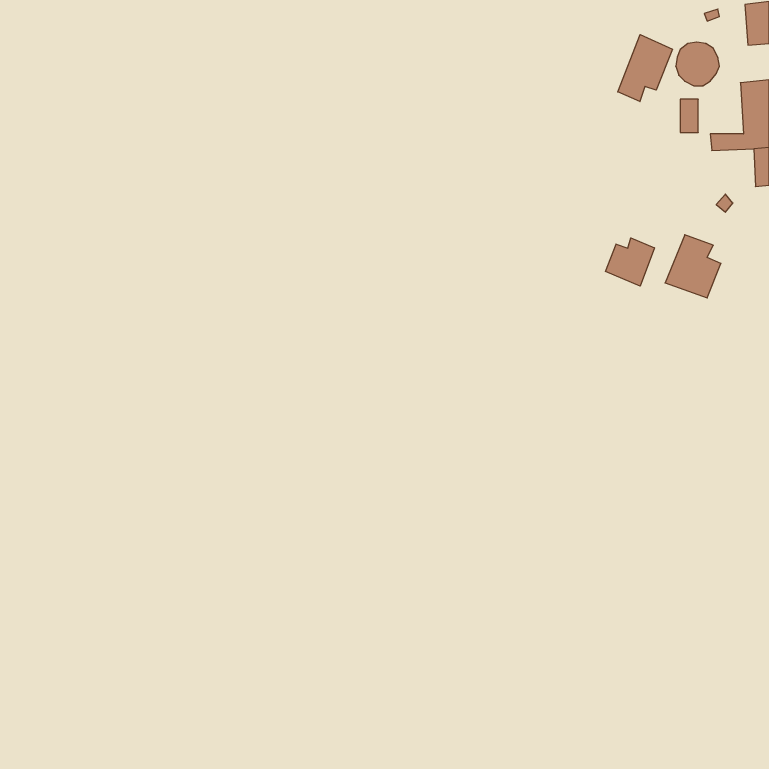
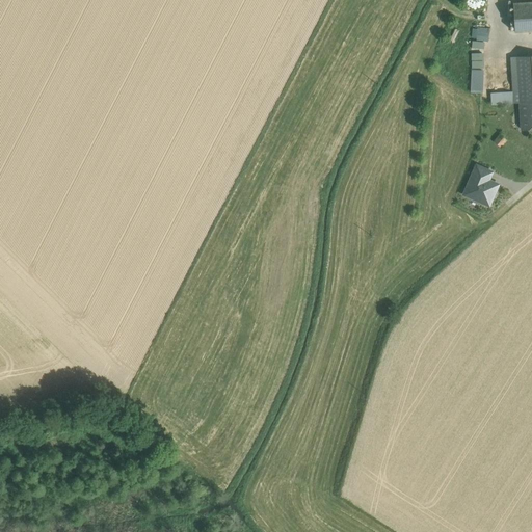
building: [618,35,672,102] -> none
building: [605,238,654,286] -> none

